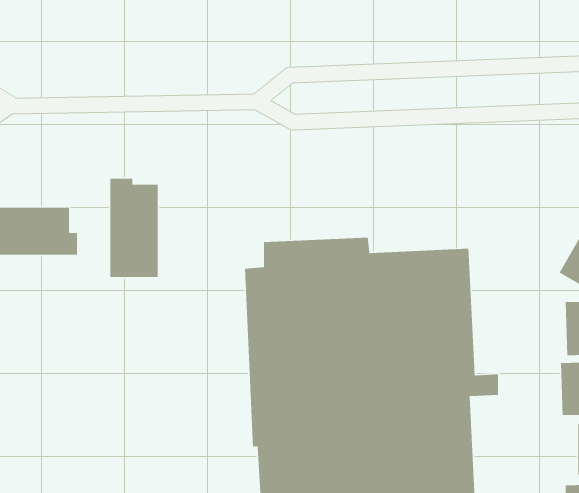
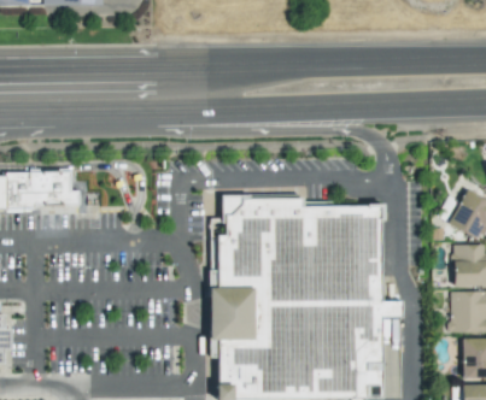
building: [110,178,158,278] -> none

